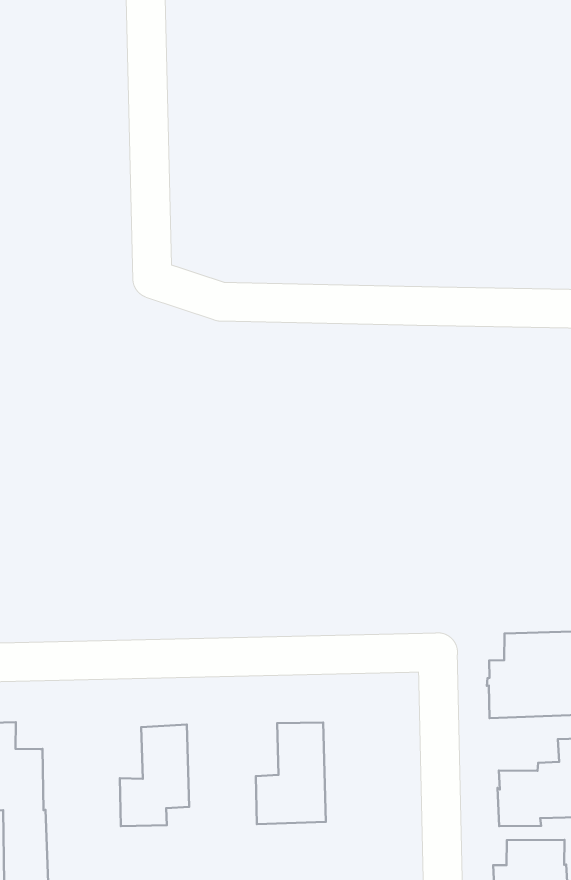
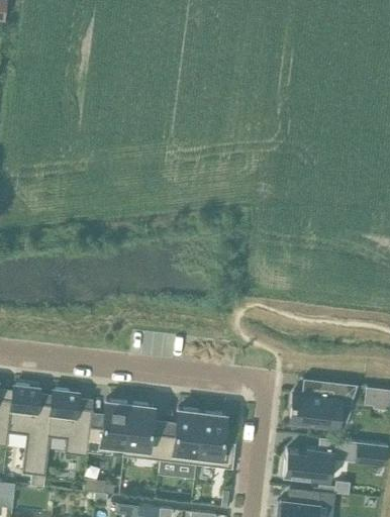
building: none -> [47,390,92,456]
building: none -> [195,412,234,469]
building: none -> [125,404,162,460]

